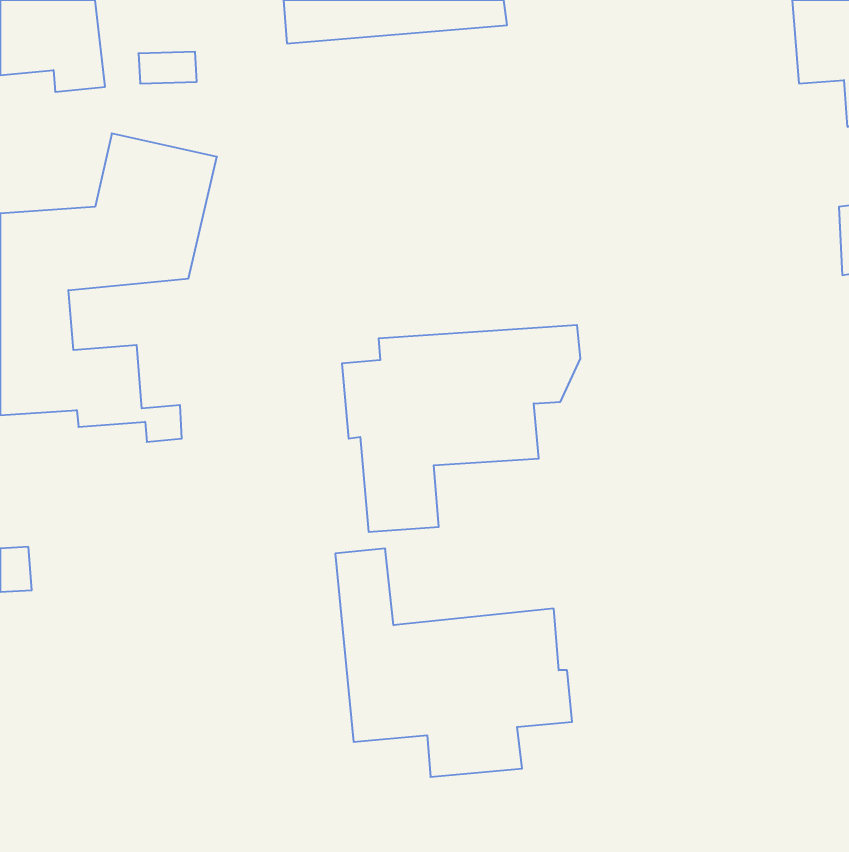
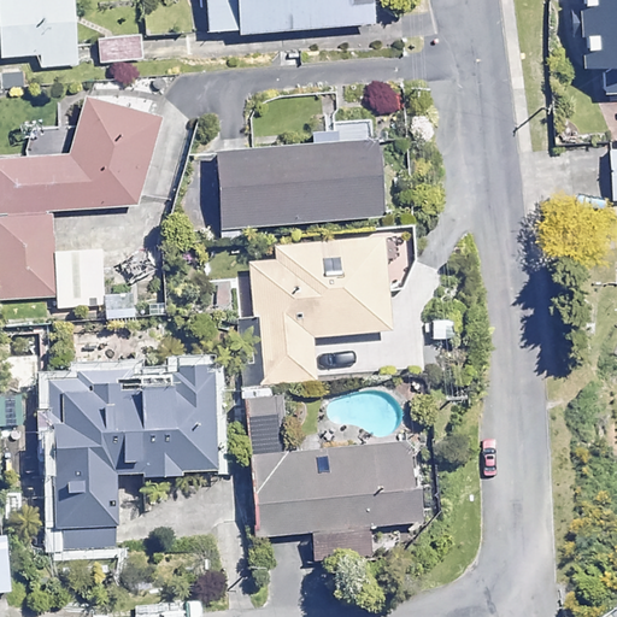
building: none -> [213,137,380,228]
building: none -> [48,369,217,554]

